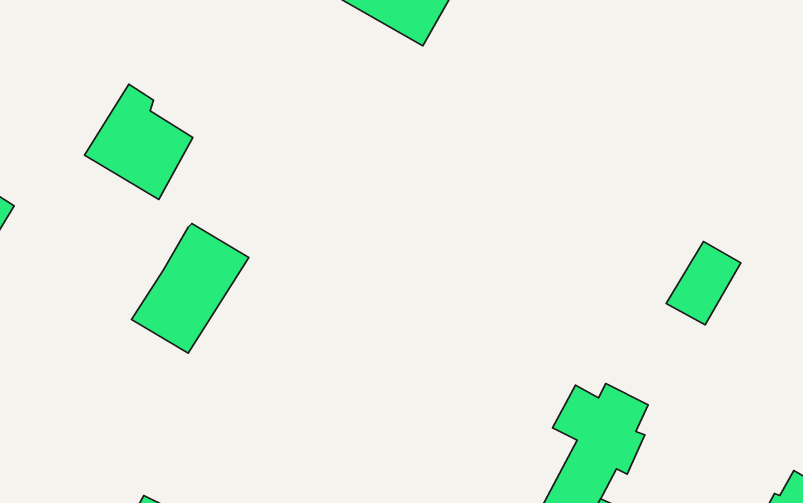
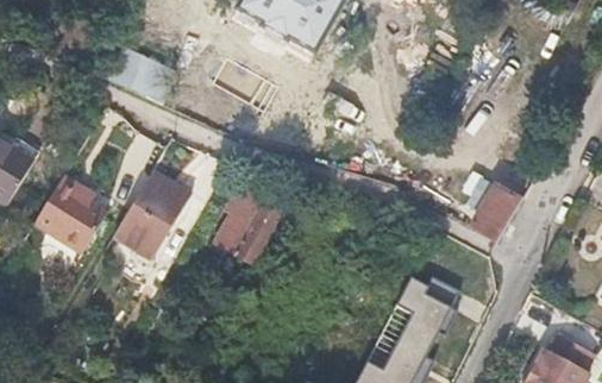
building: [84,84,193,200] -> [40,165,113,243]
building: none -> [217,189,281,260]

